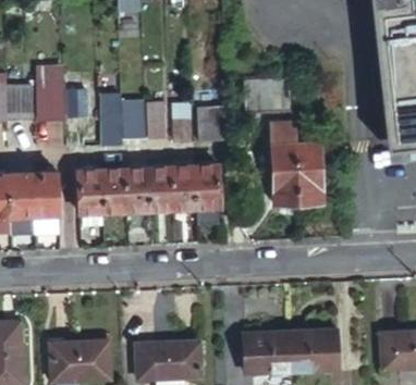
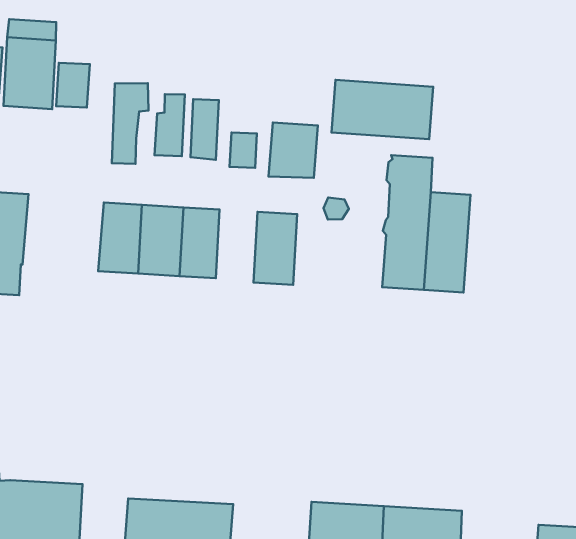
building: [172,165,197,208] -> none
building: [77,170,103,223] -> none

